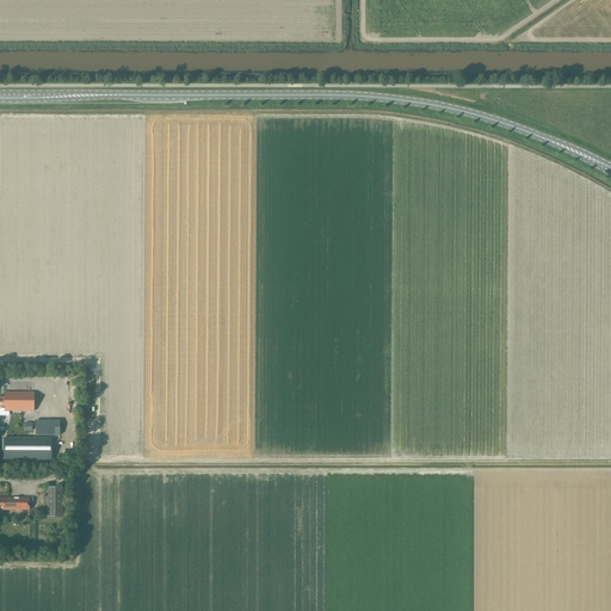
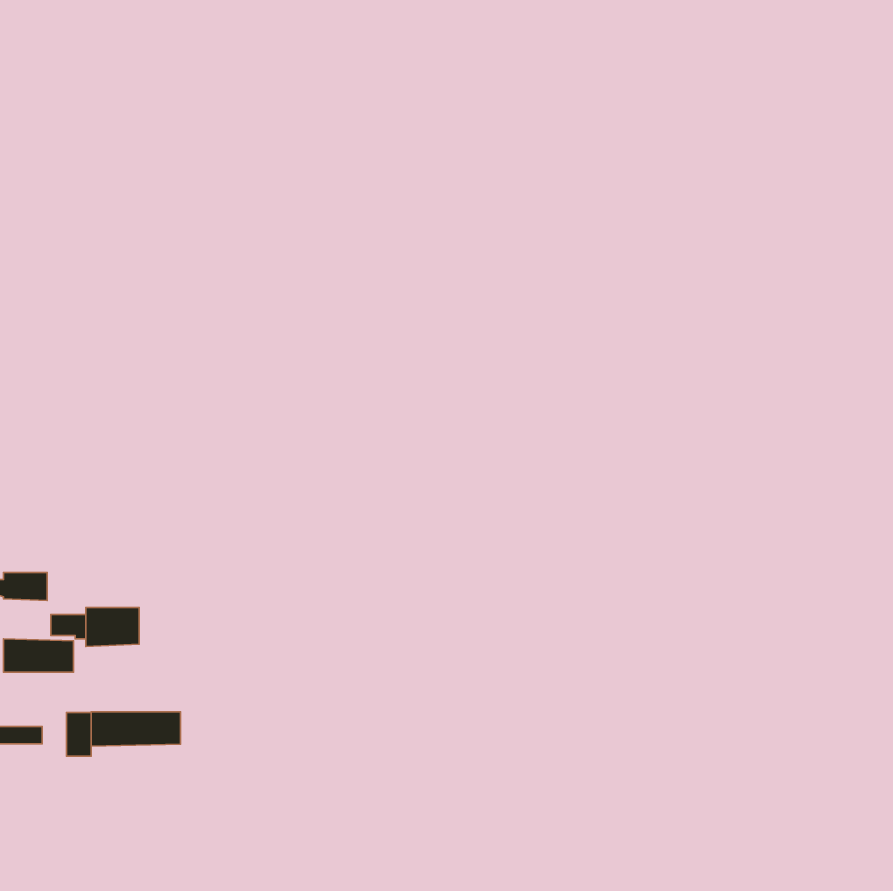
building: none -> [86,608,139,646]
building: none -> [91,712,181,746]

